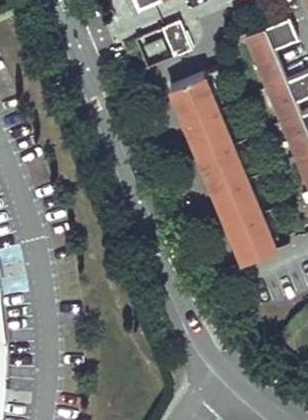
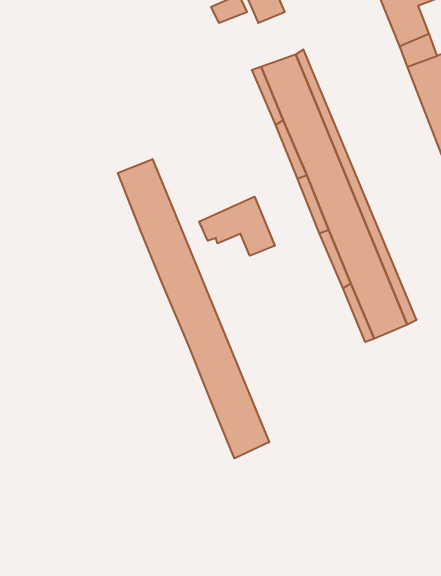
building: none -> [118,159,269,458]
building: none -> [199,197,275,256]

